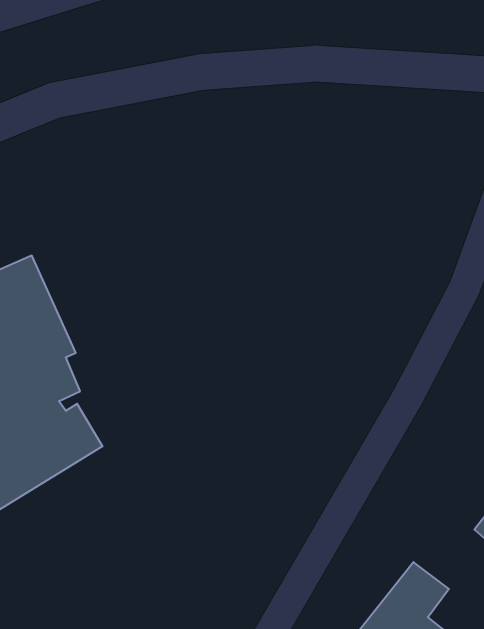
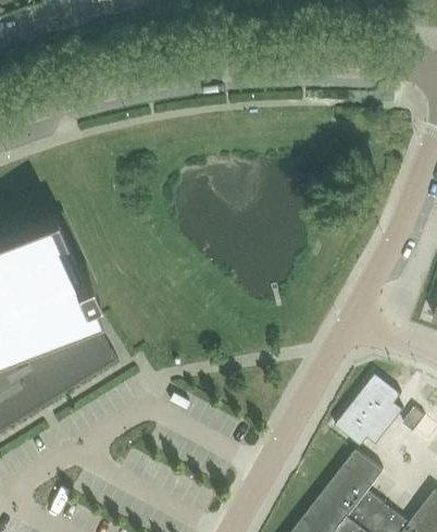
building: none -> [334,373,401,446]

